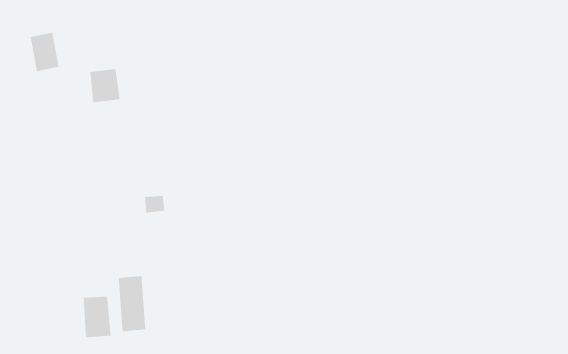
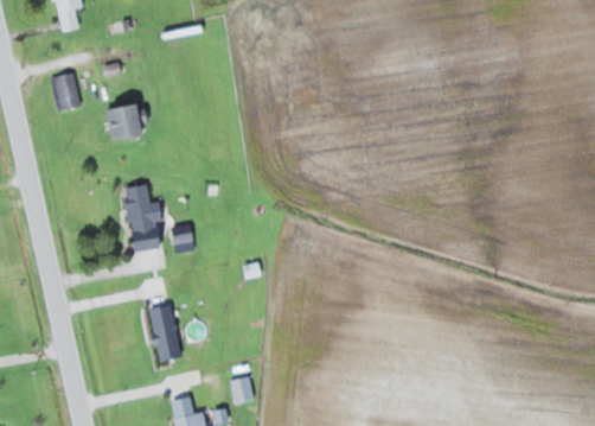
building: none -> [123,184,161,252]
building: [83,296,112,338] -> none

